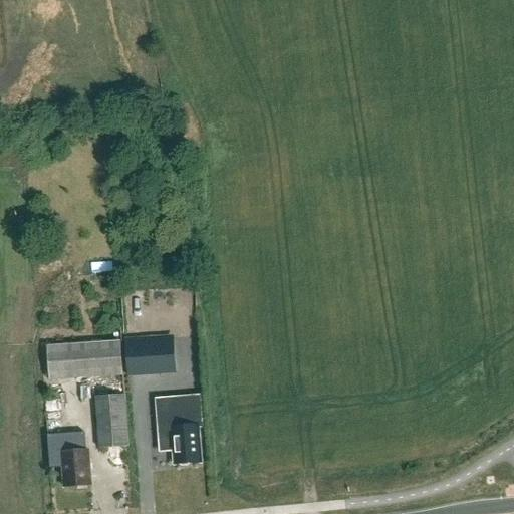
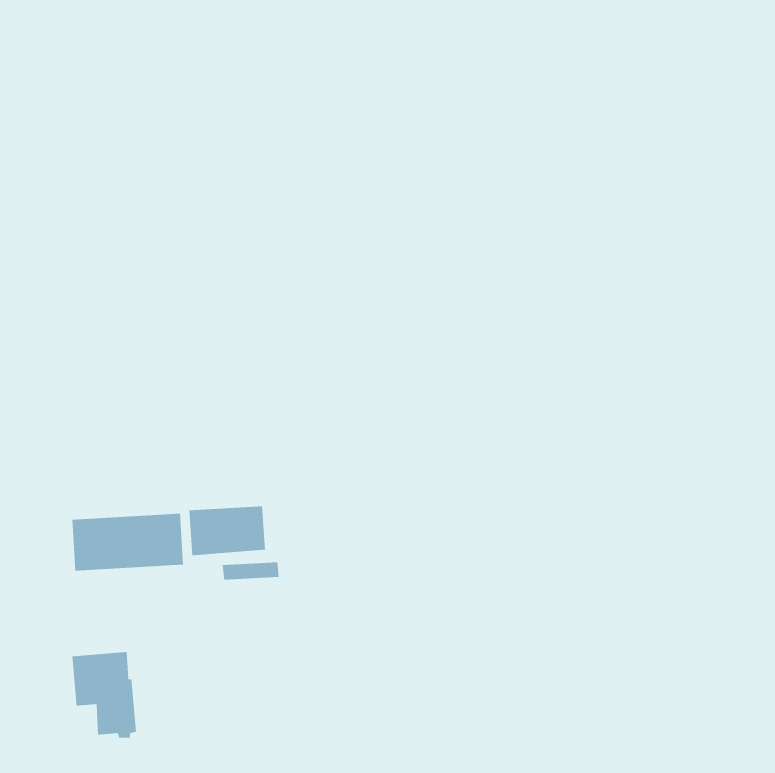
building: [96,393,127,446] -> none
building: [156,395,201,464] -> none

